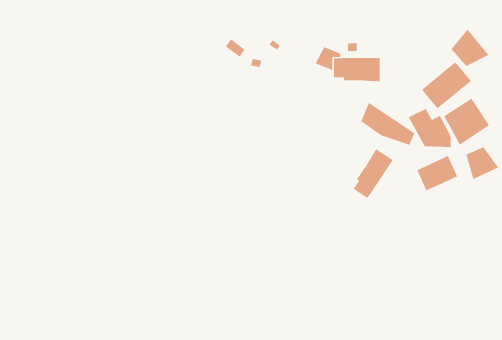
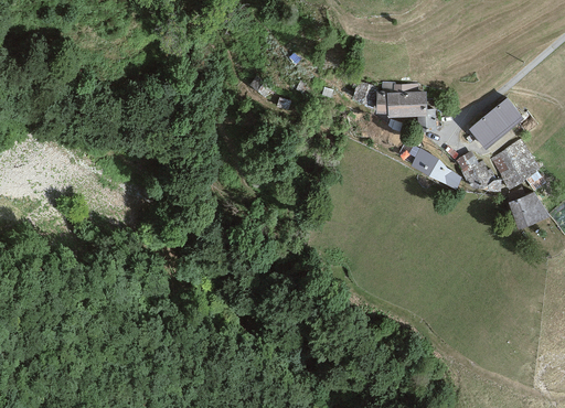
building: [451,29,489,67] -> none
building: [353,148,394,199] -> none
building: [417,155,458,191] -> none

